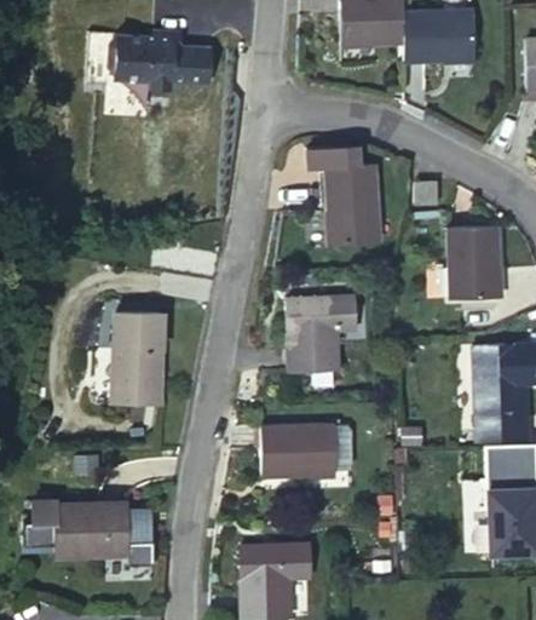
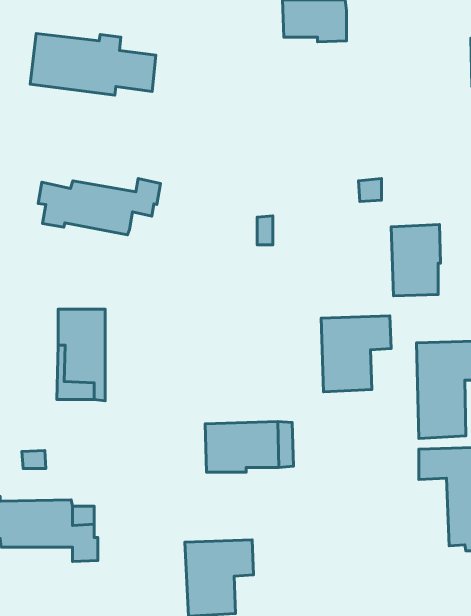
building: [403,11,476,62] -> none
building: [309,145,380,245] -> none
building: none -> [38,178,161,235]
building: [286,294,356,371] -> [321,316,391,392]

